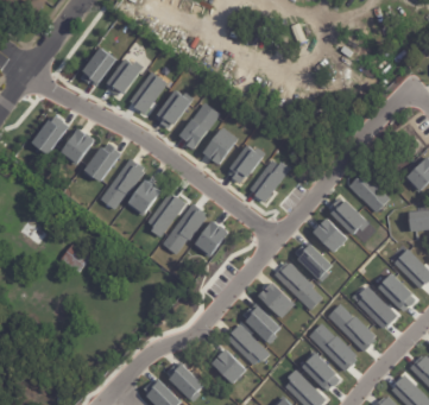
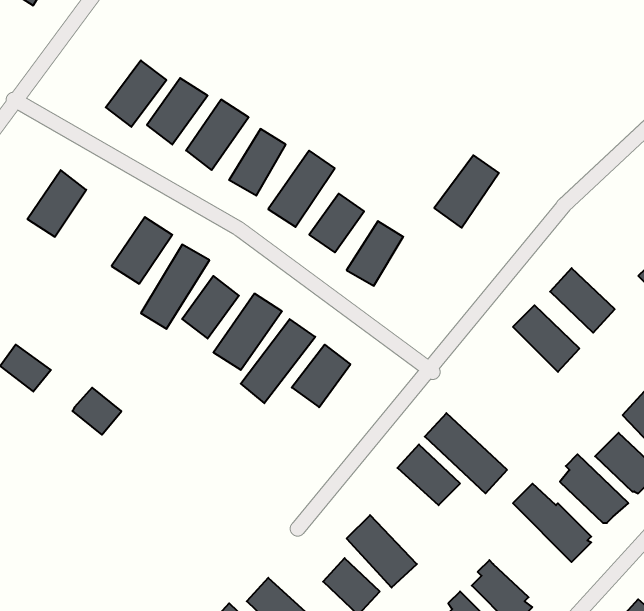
building: [61,128,94,164] -> none
building: [248,158,288,202] -> [434,155,499,228]
building: [313,219,347,252] -> none
building: [291,240,333,280] -> none
building: [241,303,282,342] -> none
building: [307,322,357,372] -> none

